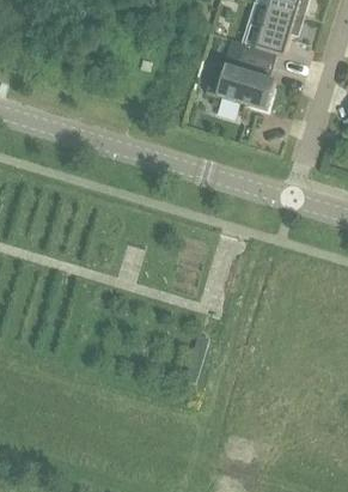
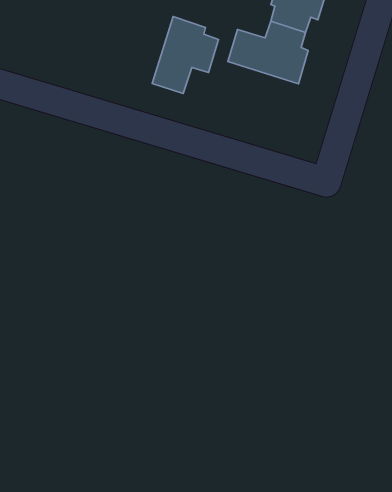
building: none -> [152,17,218,94]

